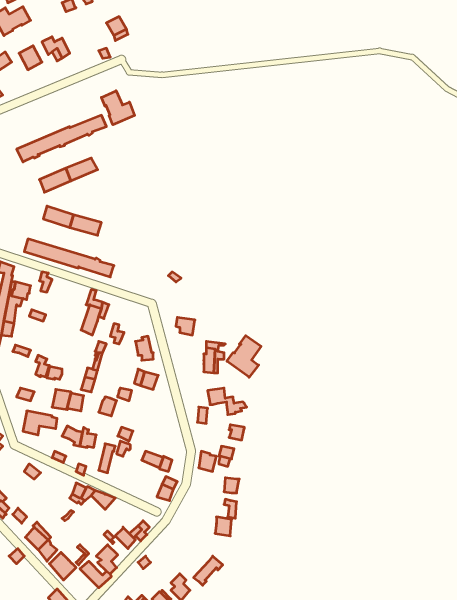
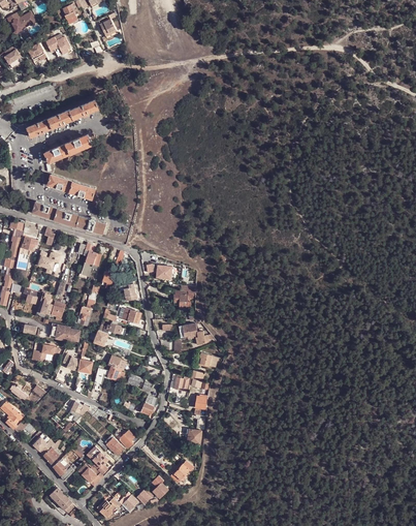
building: [101,91,135,125] -> none
building: [227,336,261,377] -> none

